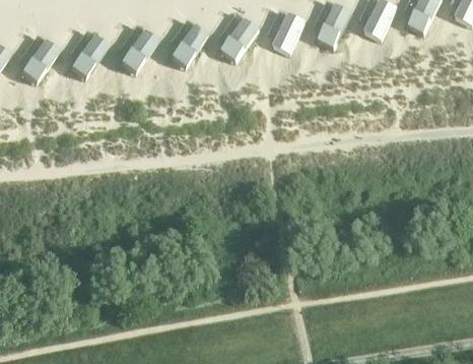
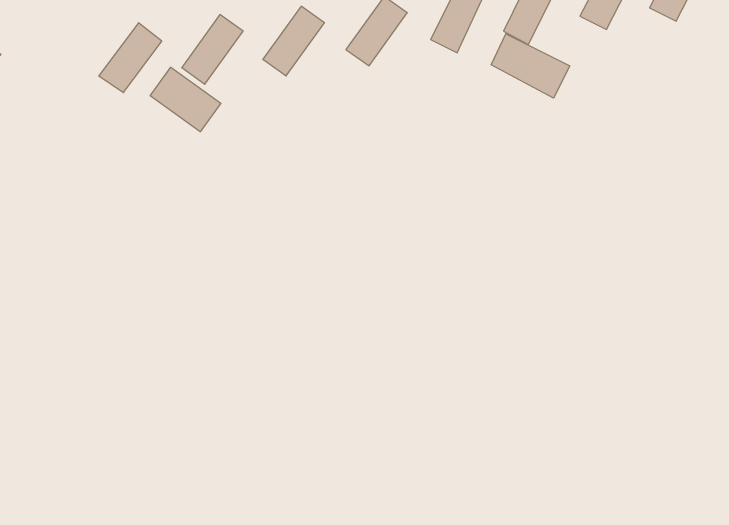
building: [18,41,56,83] -> none
building: none -> [491,34,570,98]
building: none -> [150,67,221,132]

